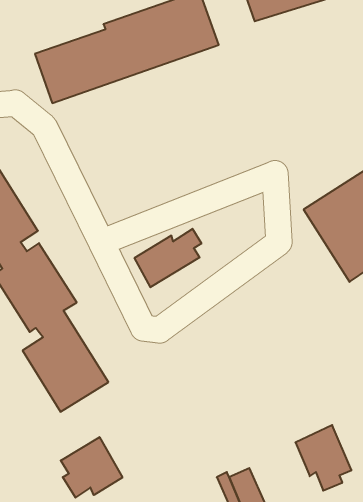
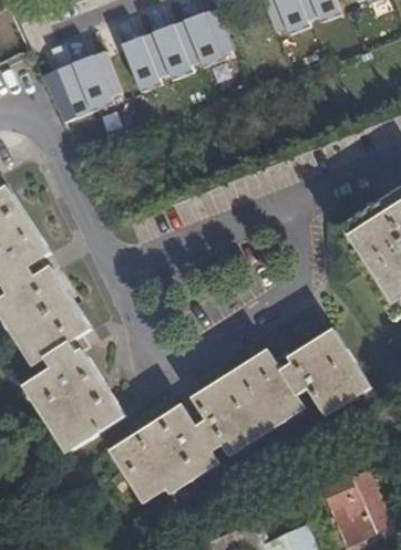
building: [135,229,201,287] -> none
building: none -> [115,339,368,504]
building: [61,437,122,498] -> none

